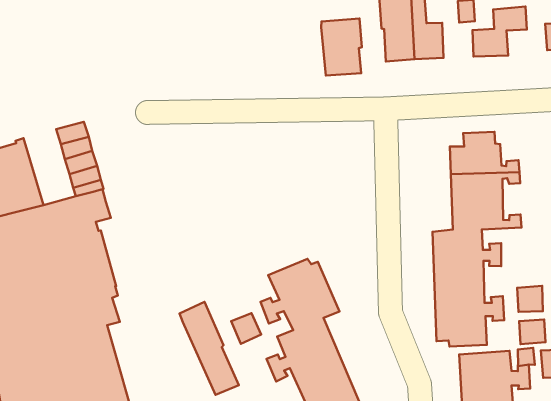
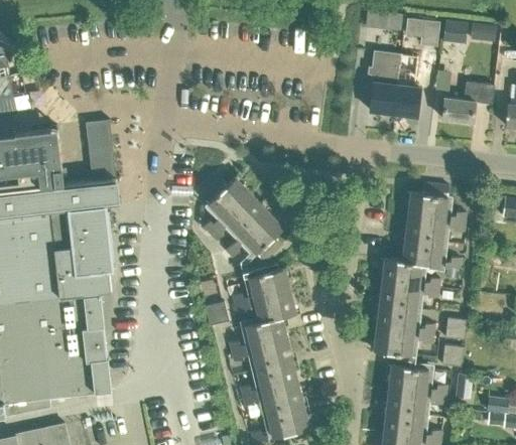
building: [321,18,362,75] -> none
building: none -> [200,176,282,261]
building: [180,302,239,395] -> none

